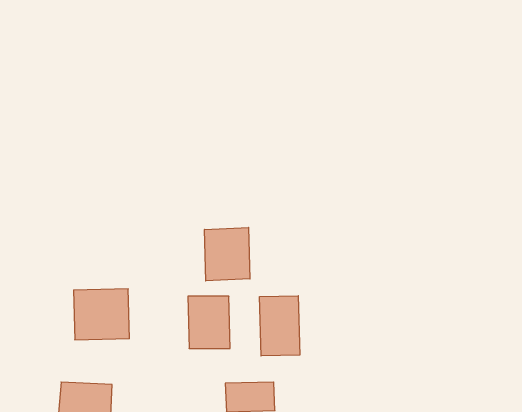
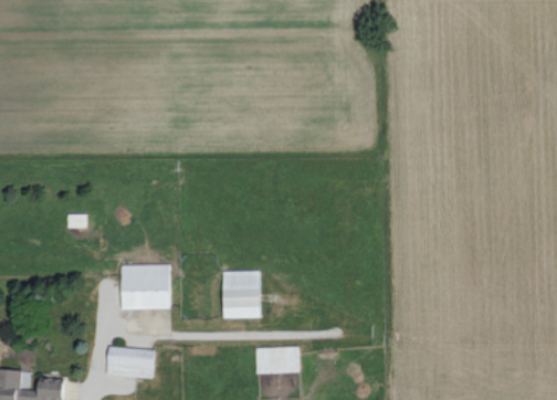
building: [205,227,250,281] -> none
building: [260,296,300,356] -> none

